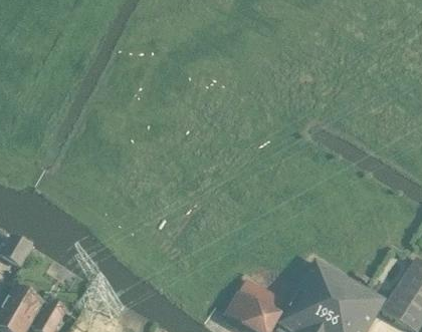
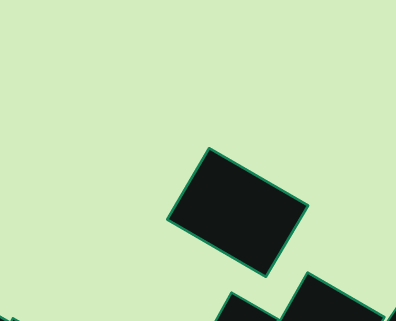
building: none -> [167,148,308,277]

